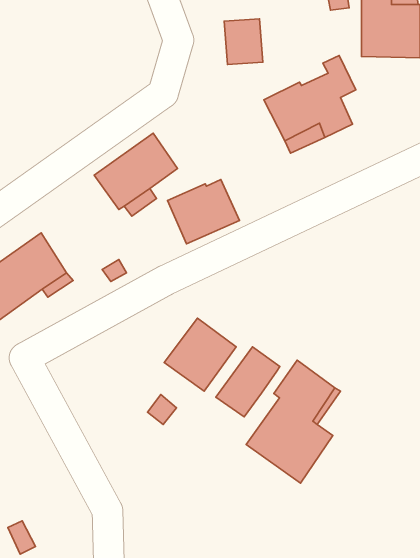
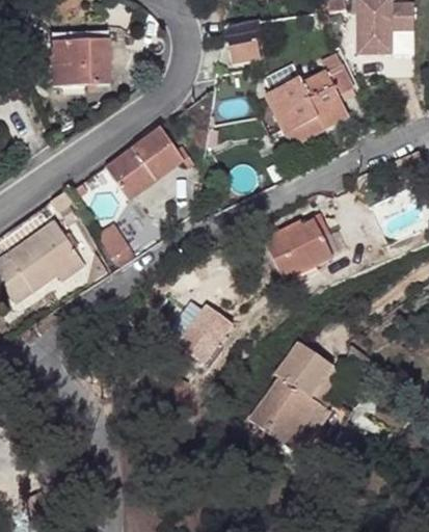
building: none -> [42,38,110,83]
building: [168,180,240,244] -> [265,218,332,278]
building: [216,347,280,417] -> none

